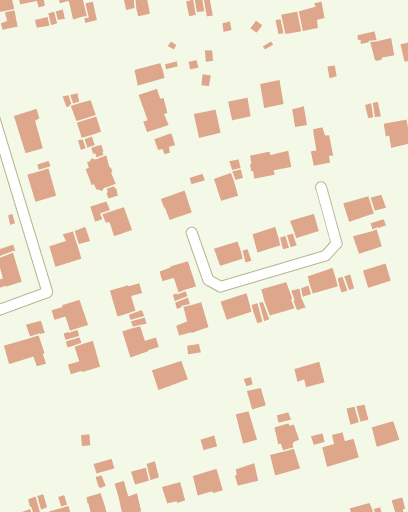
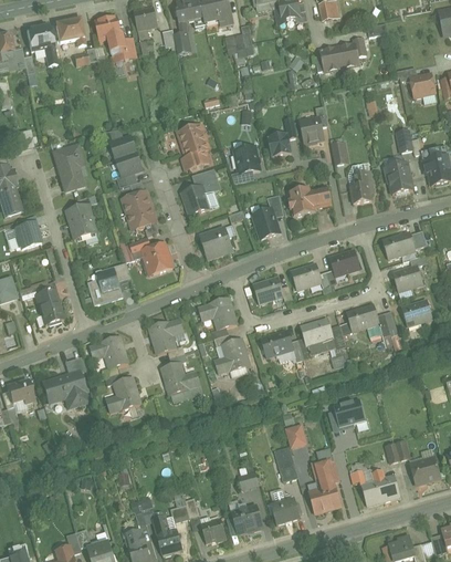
building: [133,62,166,86] -> none
building: none -> [384,162,411,192]
building: none -> [182,186,209,215]
building: [151,360,189,391] -> none

